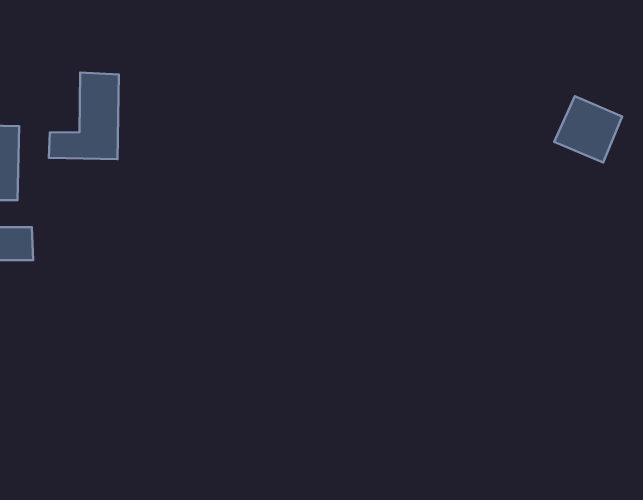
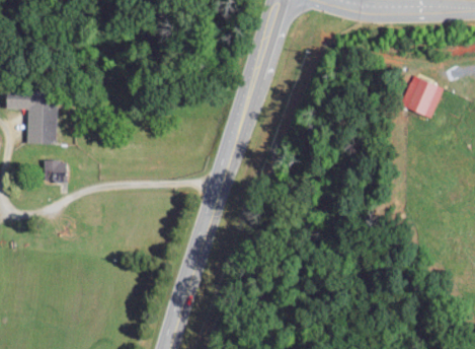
building: [49,73,119,159] -> none

